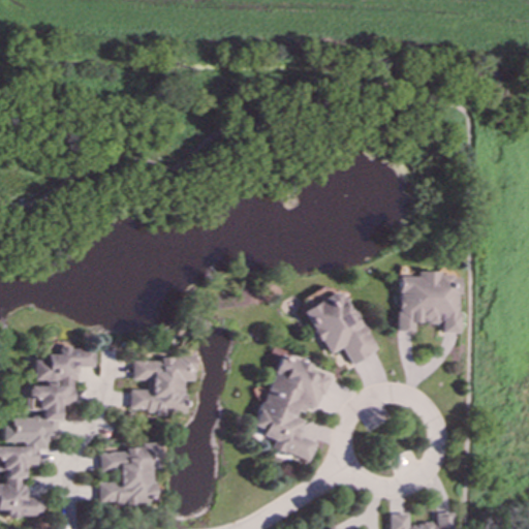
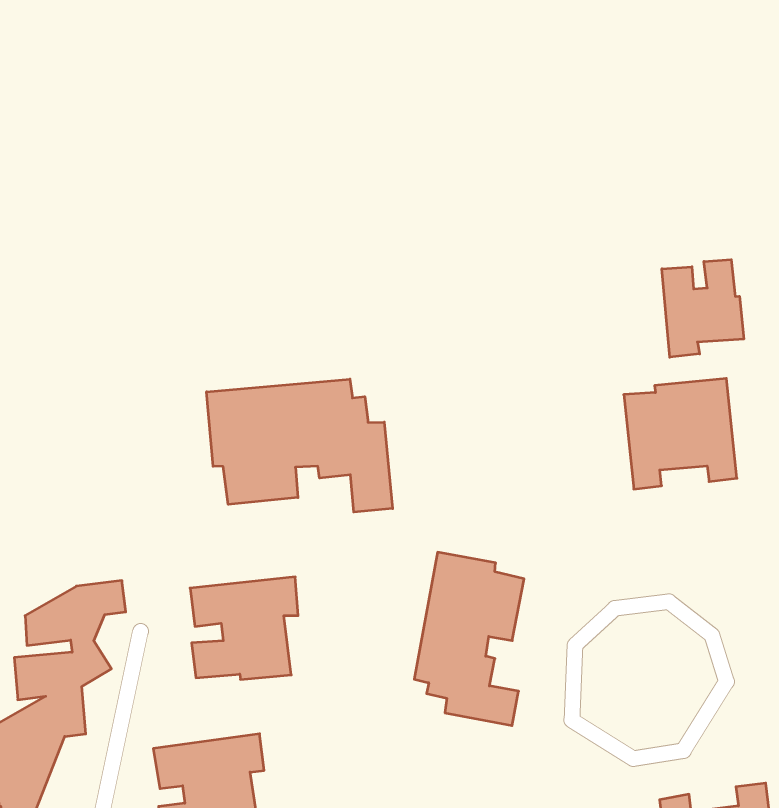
building: none -> [662,260,744,357]
building: none -> [207,379,393,512]
building: [302,287,377,365] -> none

